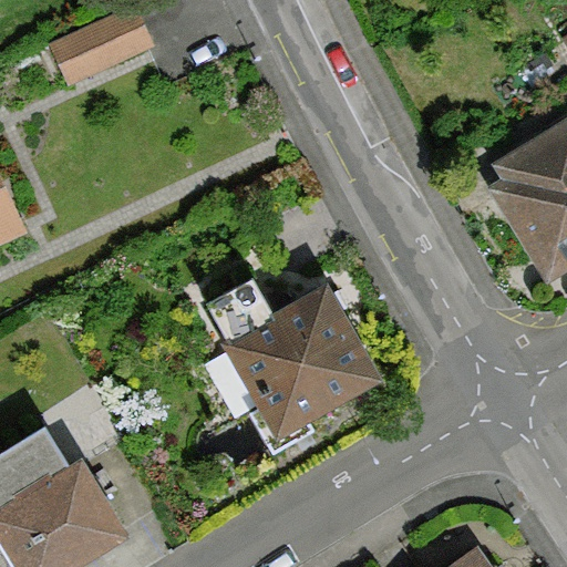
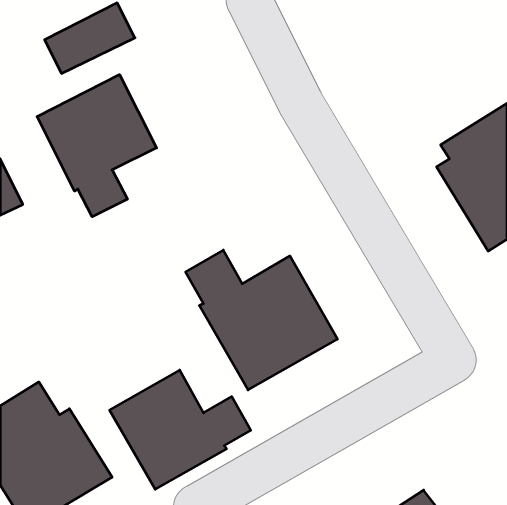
building: none -> [37,75,157,217]
building: none -> [110,370,251,489]

